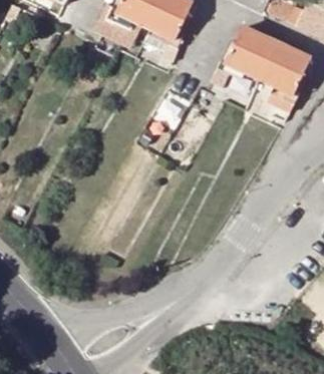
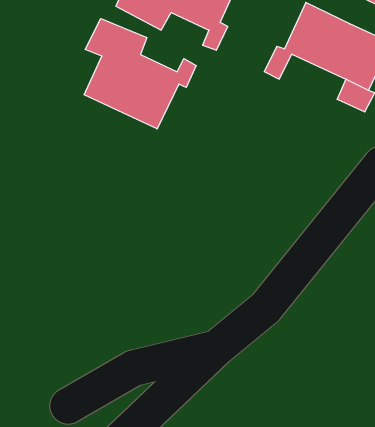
building: none -> [84,19,196,129]

